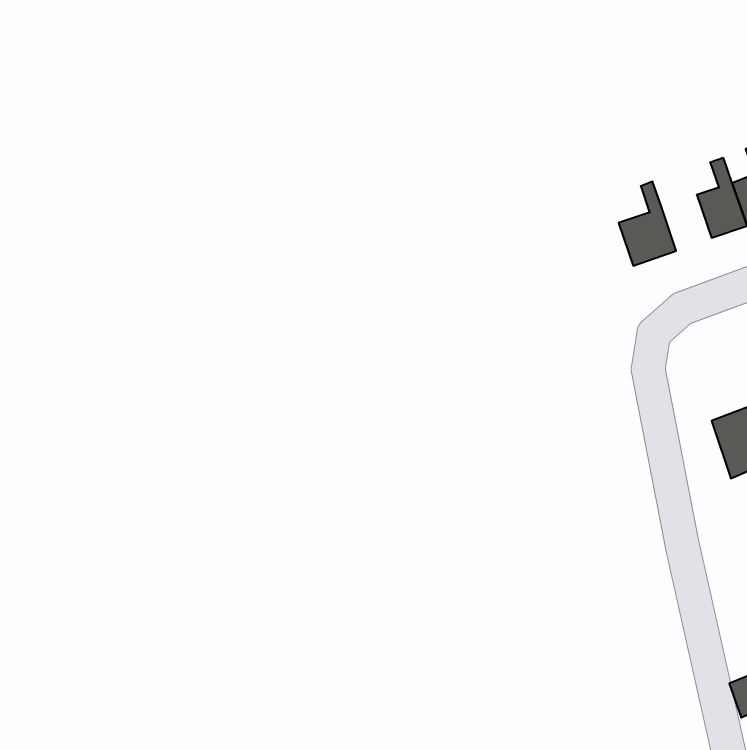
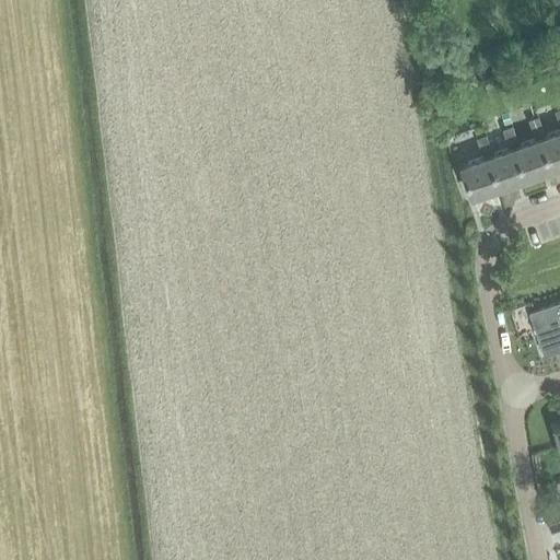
building: none -> [495,129,533,189]

